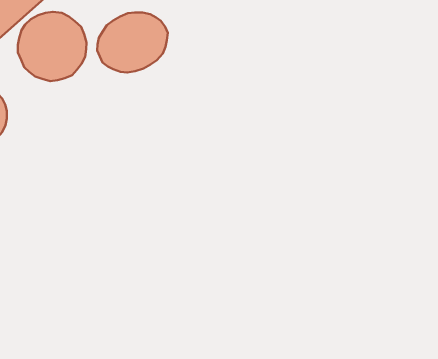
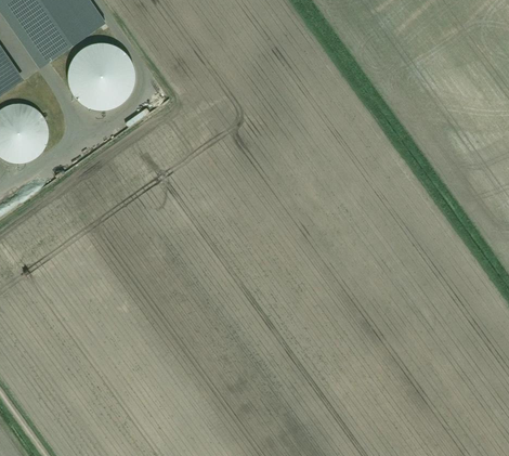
building: [97,13,168,73] -> none

